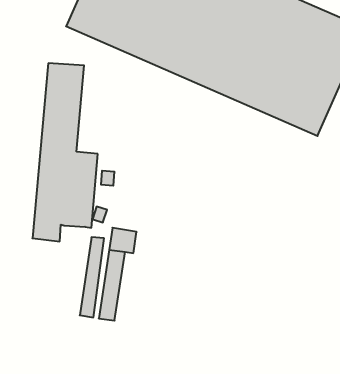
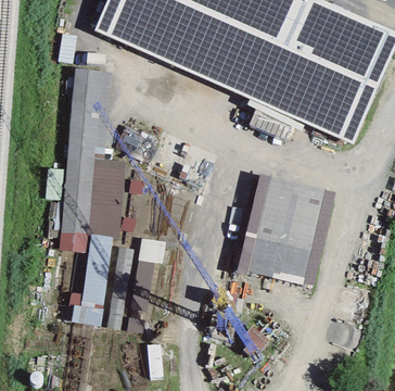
building: none -> [247,177,324,286]
building: none -> [67,237,112,326]

